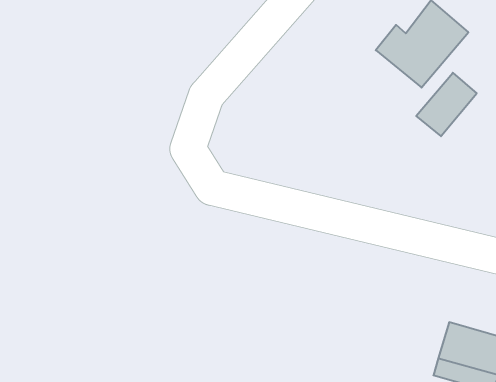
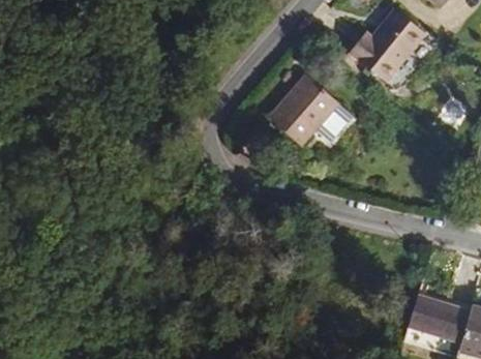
building: [416,73,477,136] -> none
building: none -> [266,80,334,145]

